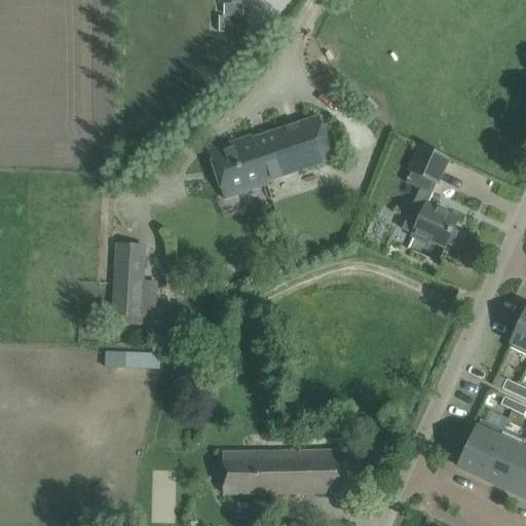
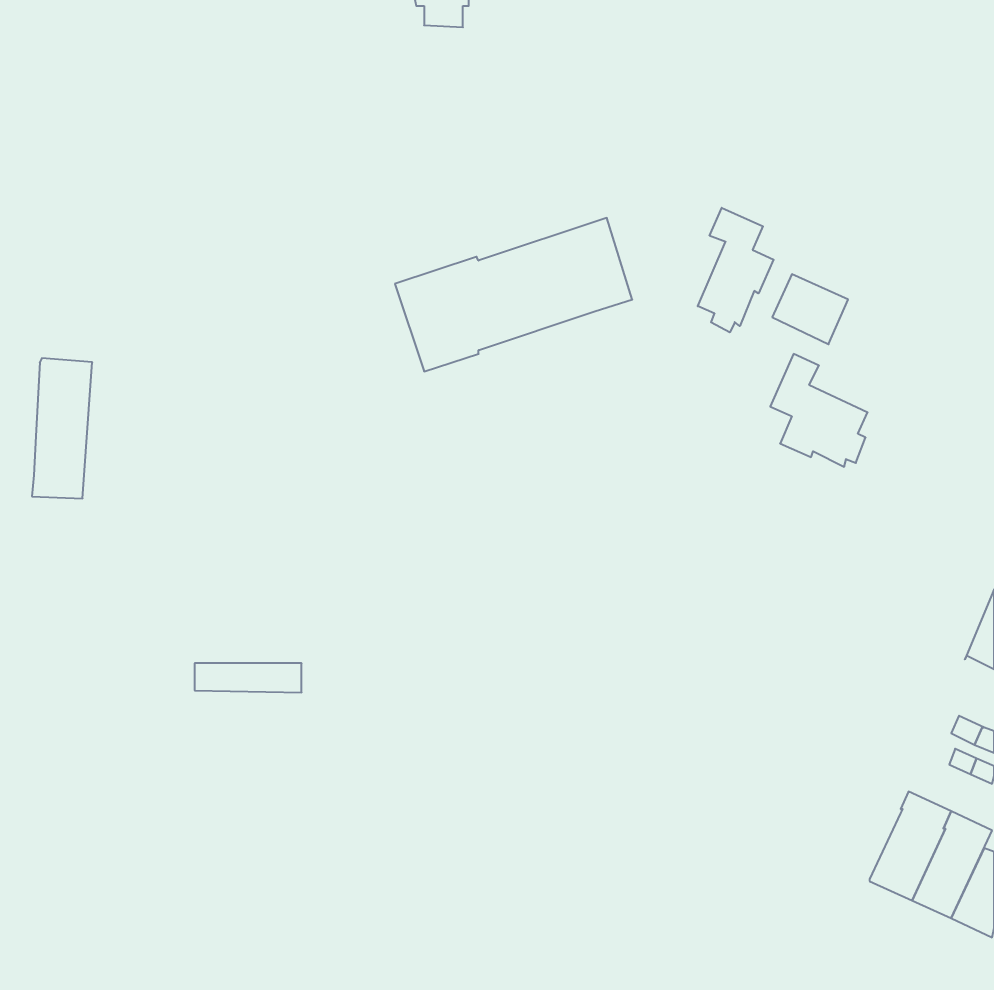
building: none -> [698,208,774,332]
building: [113,242,145,316] -> [32,358,92,498]
building: [225,450,347,492] -> none

